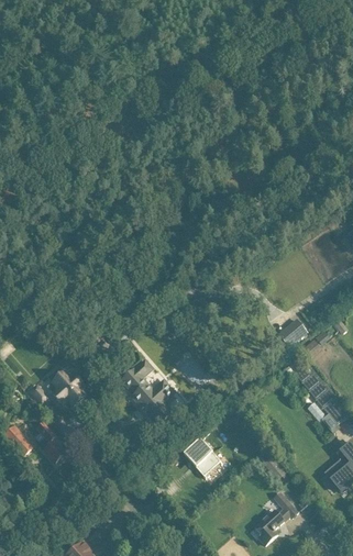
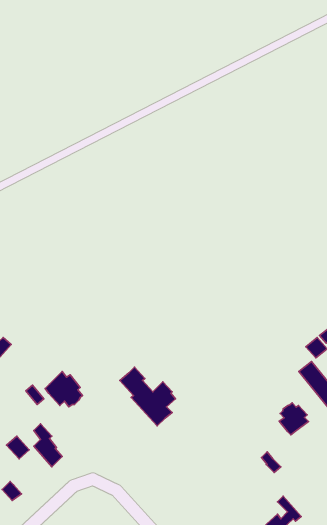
building: [277,319,308,348] -> none
building: none -> [279,403,308,435]
building: [184,438,221,478] -> none

